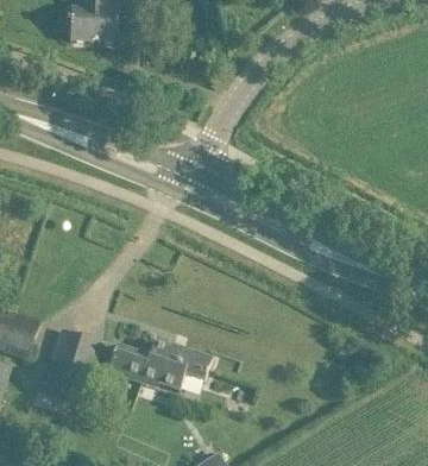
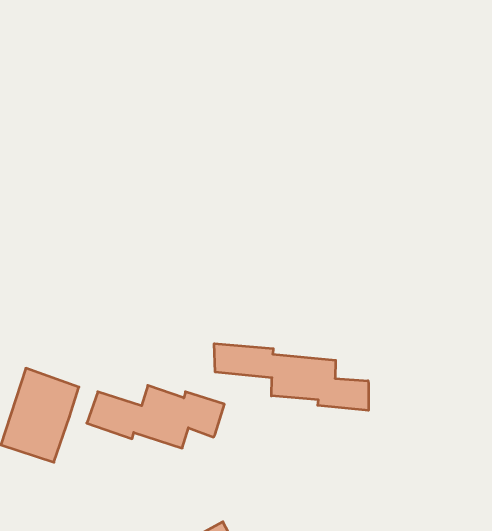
building: none -> [214,344,369,410]

